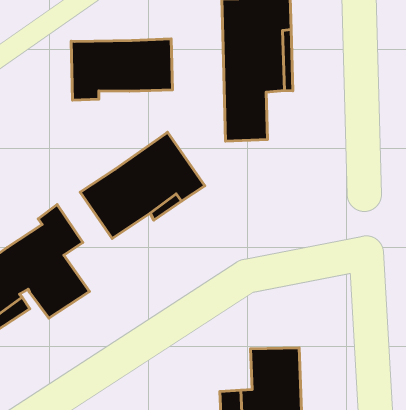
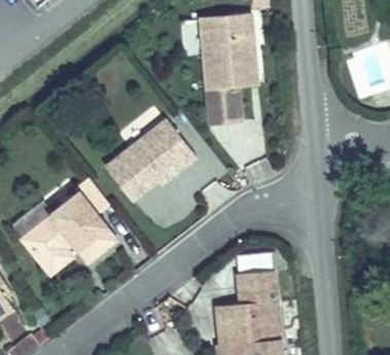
building: [71,39,172,100] -> none

